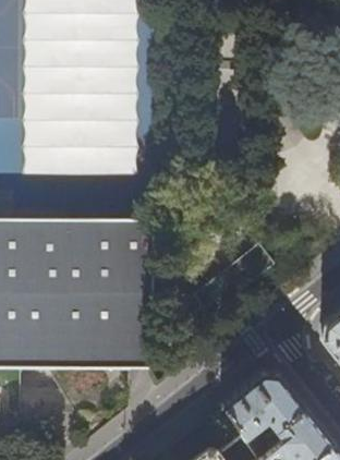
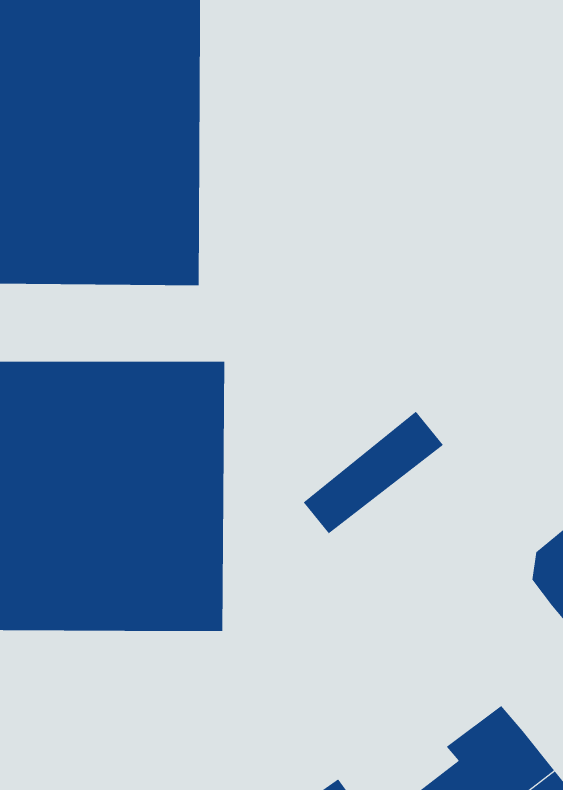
building: [219,371,304,438] -> none

